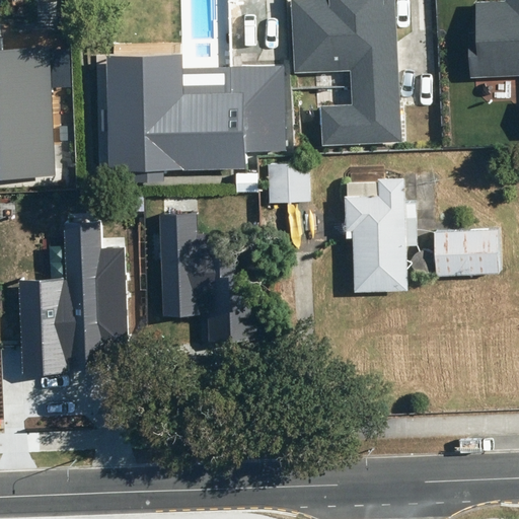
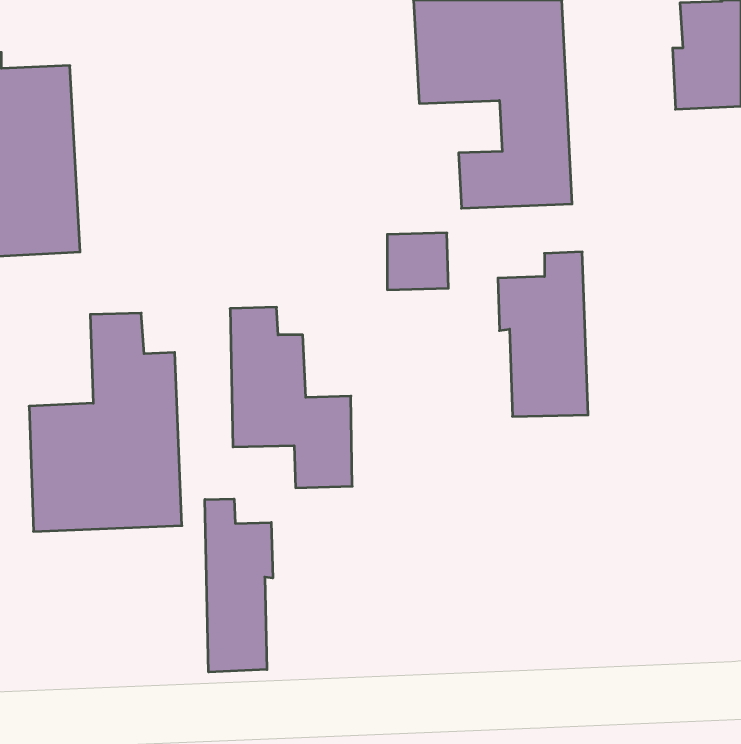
building: [104,53,285,179] -> none
building: [436,227,501,274] -> none
building: none -> [205,499,273,672]

